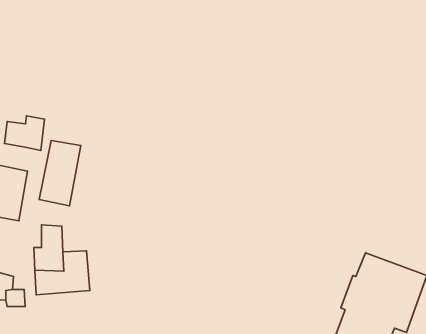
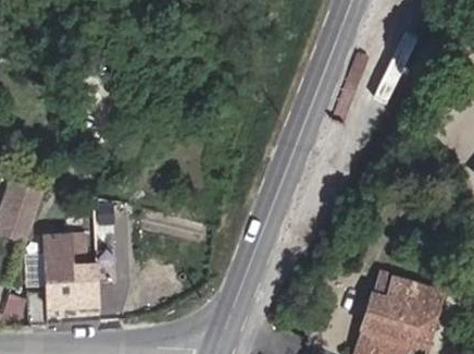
building: [5,116,45,150] -> none
building: [39,141,81,206] -> none

